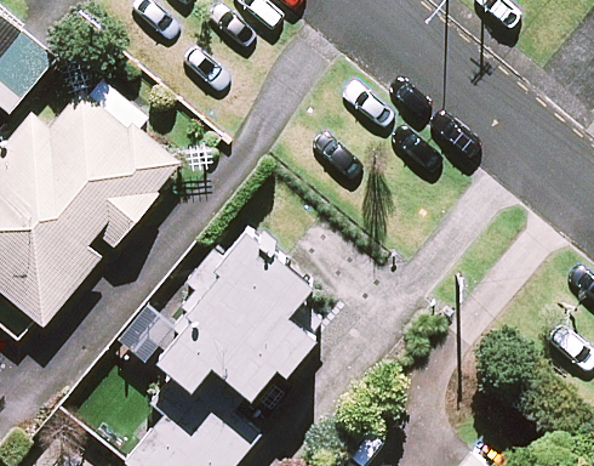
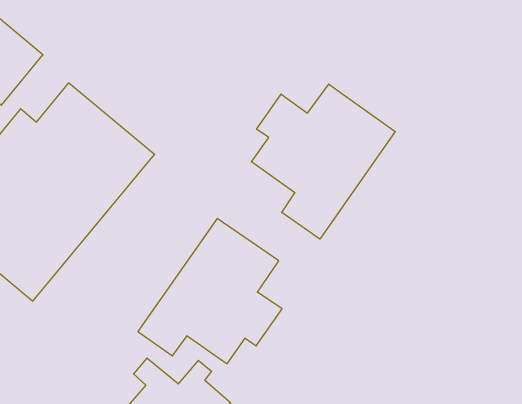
building: none -> [251,84,395,239]

